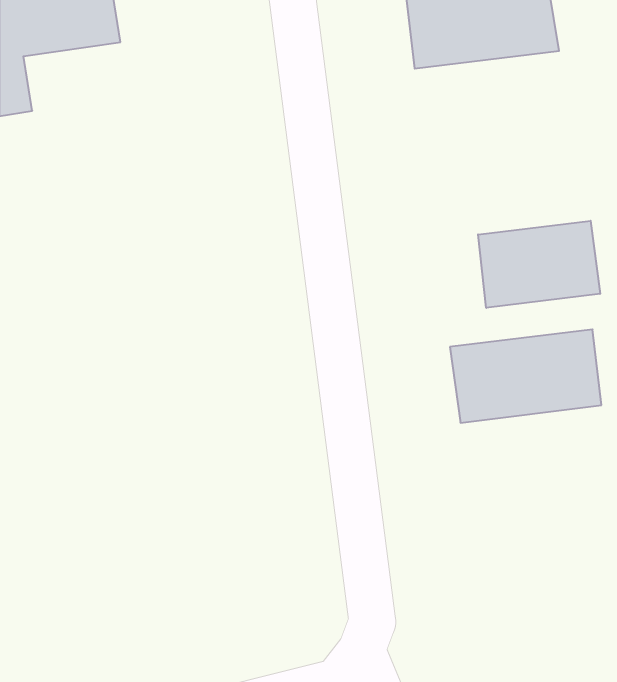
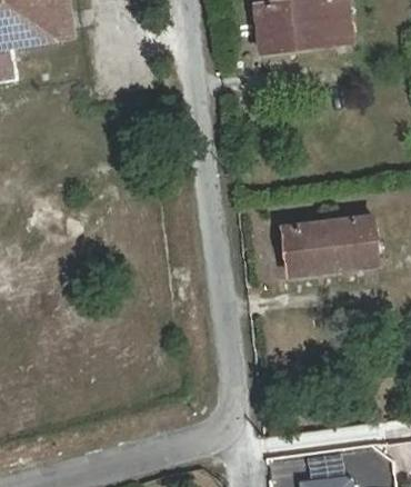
building: [478,221,600,308] -> none

